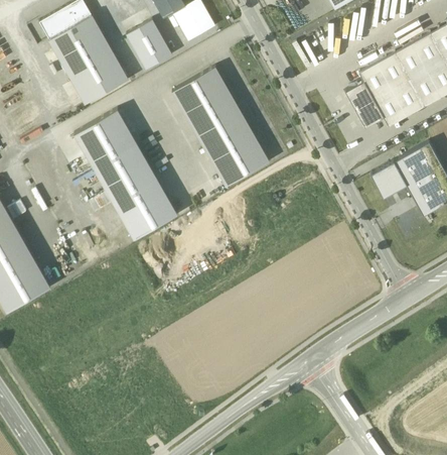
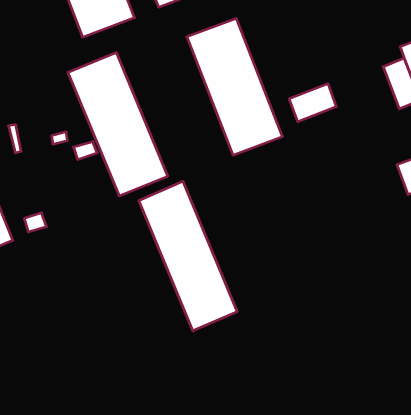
building: none -> [289,84,336,122]
building: none -> [139,181,237,331]

